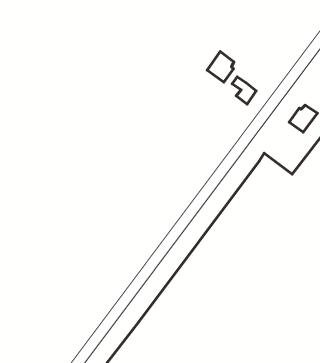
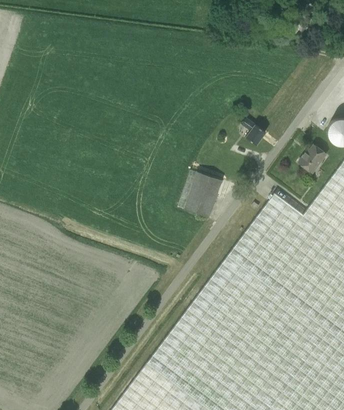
building: [207,51,234,82] -> none
building: none -> [183,172,221,217]

